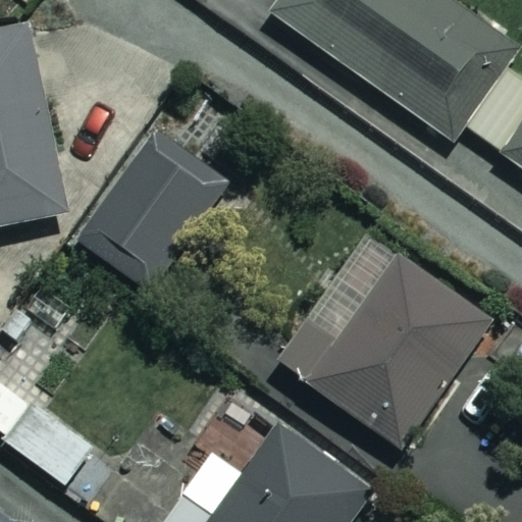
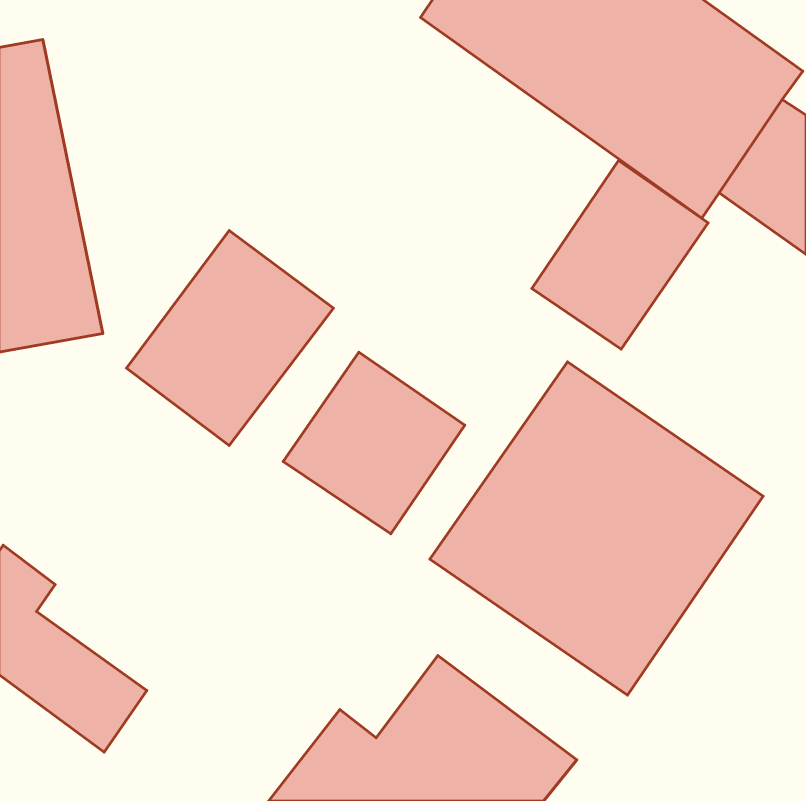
building: none -> [532,161,708,349]
building: none -> [283,352,465,534]

